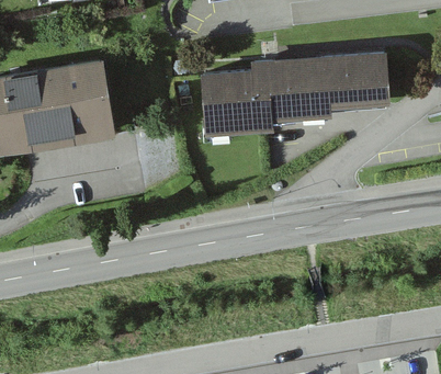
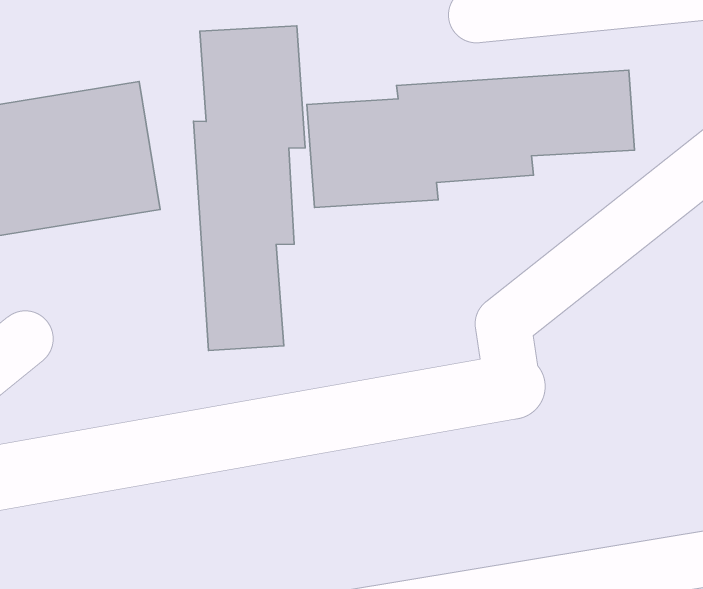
building: none -> [194,26,305,350]

